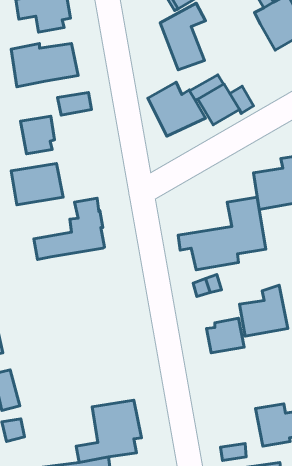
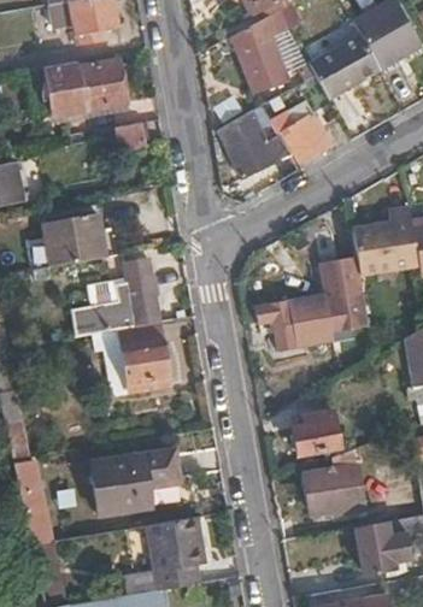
building: none -> [309,35,380,98]
building: [20,116,55,154] -> none
building: none -> [93,322,169,396]
building: [240,285,288,336] -> [304,449,365,514]
building: none -> [90,448,182,515]

